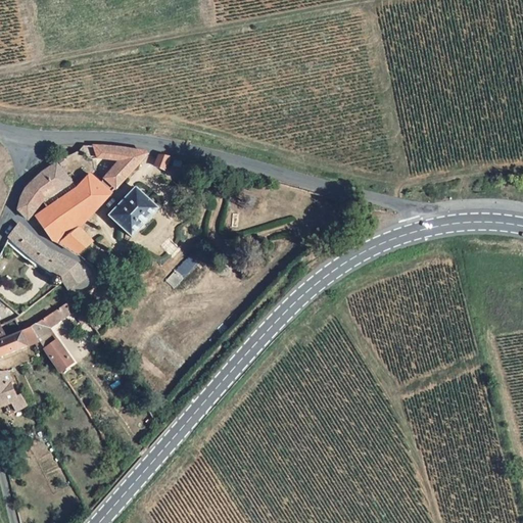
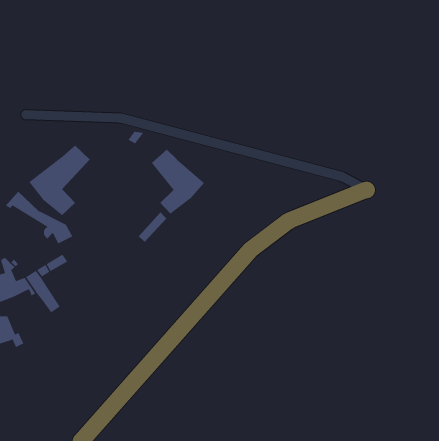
building: [92,146,147,184] -> none
building: [15,160,66,217] -> none
building: none -> [151,149,205,215]
building: [107,186,156,235] -> none

